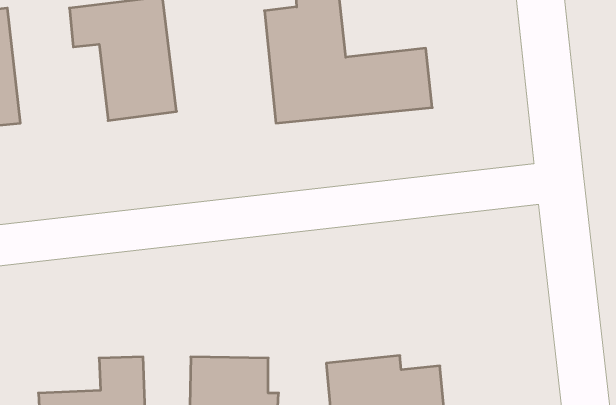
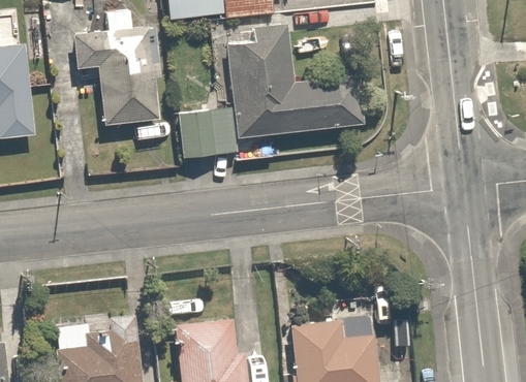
building: none -> [178,117,229,159]

